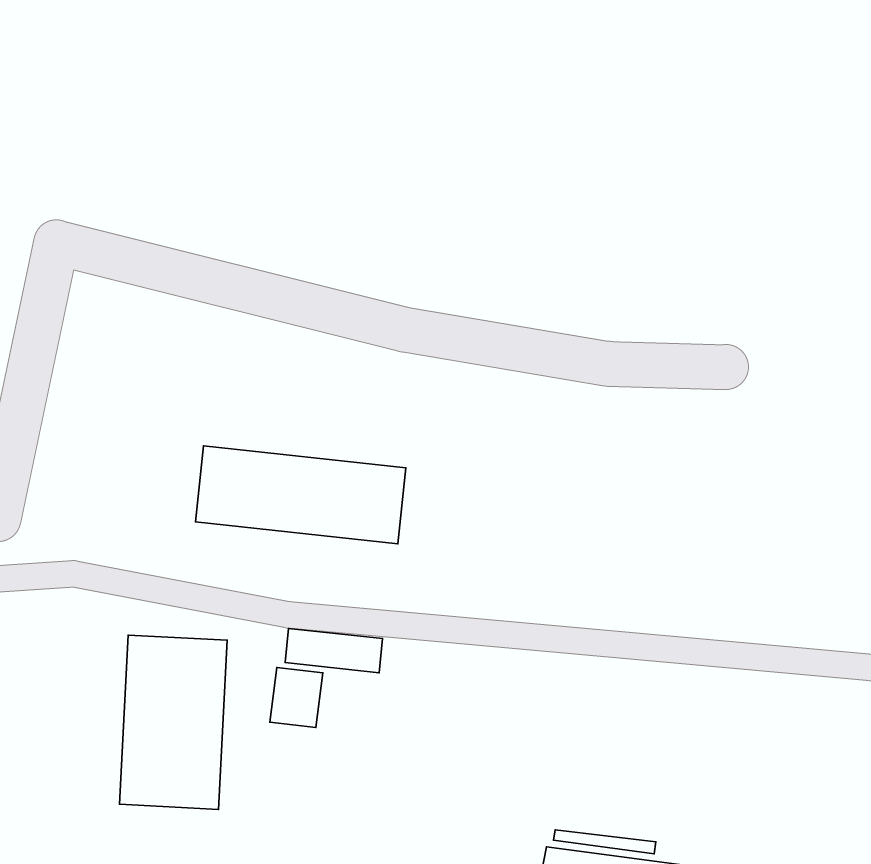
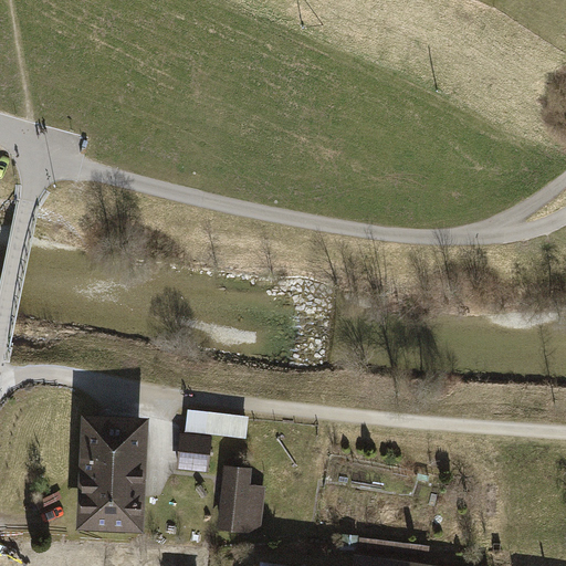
building: [195,446,406,544] -> none
building: none -> [216,464,265,538]

